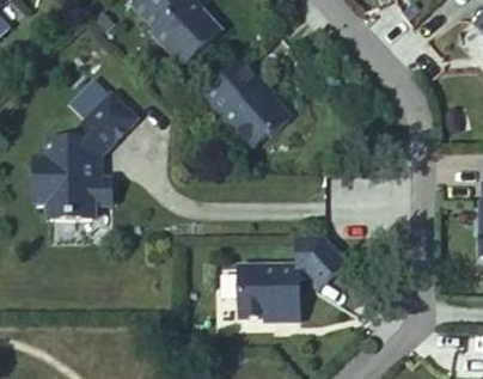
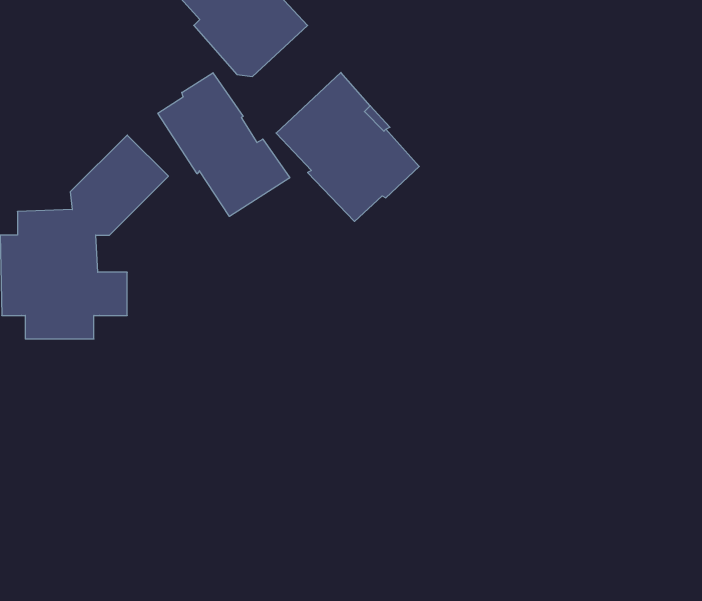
building: none -> [158,73,290,216]
building: [238,234,349,319] -> none

